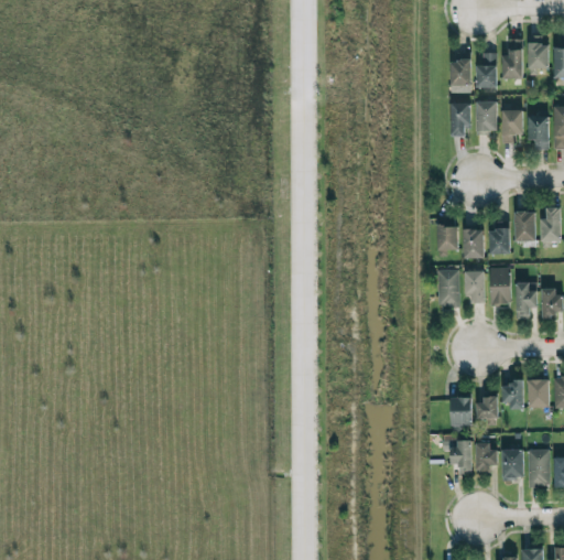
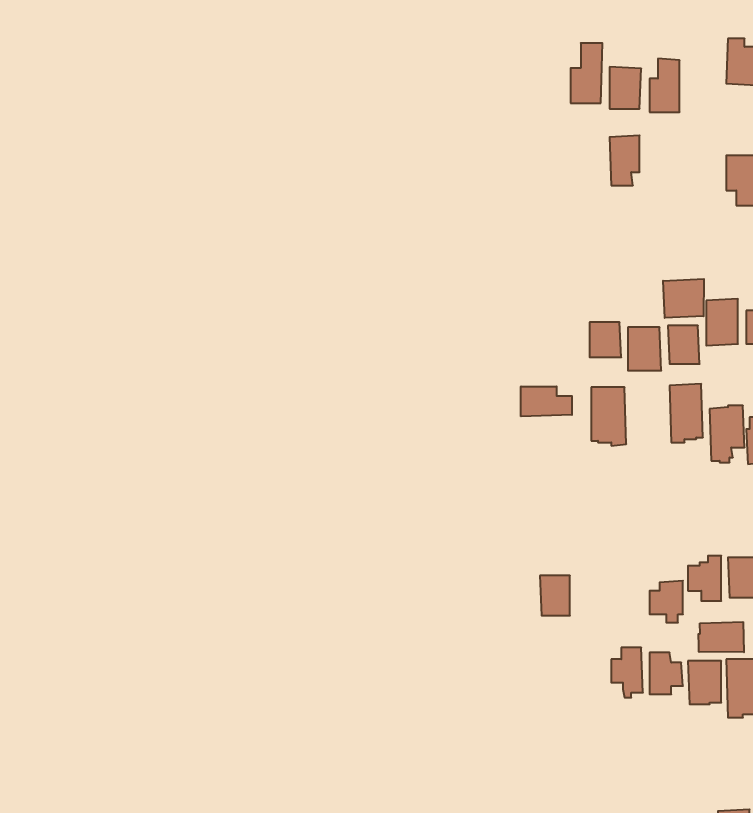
building: [501,39,522,78] -> [571,43,602,103]
building: [475,100,496,132] -> none
building: [500,109,522,142] -> none
building: none -> [663,279,704,318]
building: none -> [521,386,572,416]
building: [464,270,485,303] -> none
building: [451,399,470,426] -> [540,576,570,616]
building: none -> [698,622,744,652]

